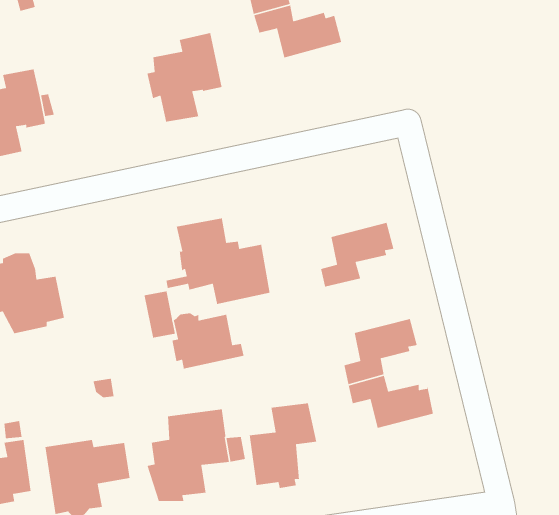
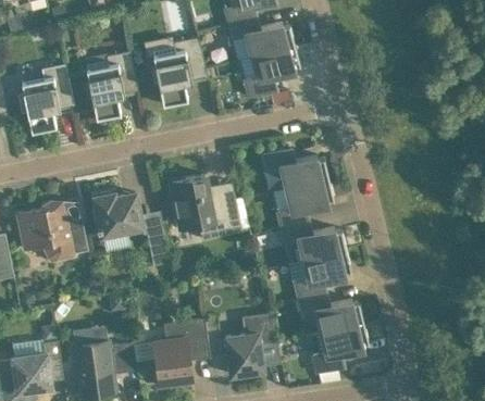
building: none -> [242,45,298,96]
building: none -> [80,51,137,118]
building: none -> [262,148,326,189]
building: none -> [279,221,344,261]
building: [171,312,244,369] -> [91,192,146,235]
building: none -> [311,322,366,372]

